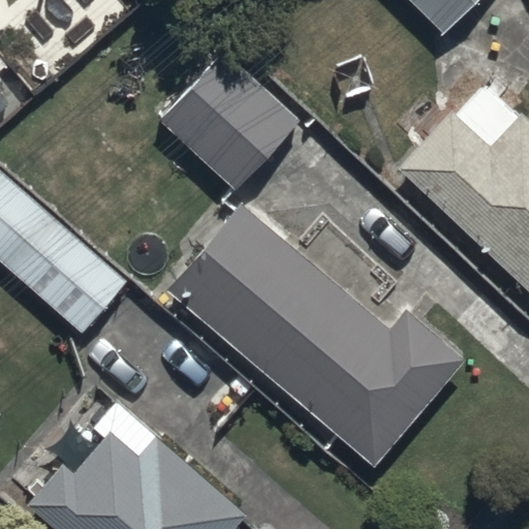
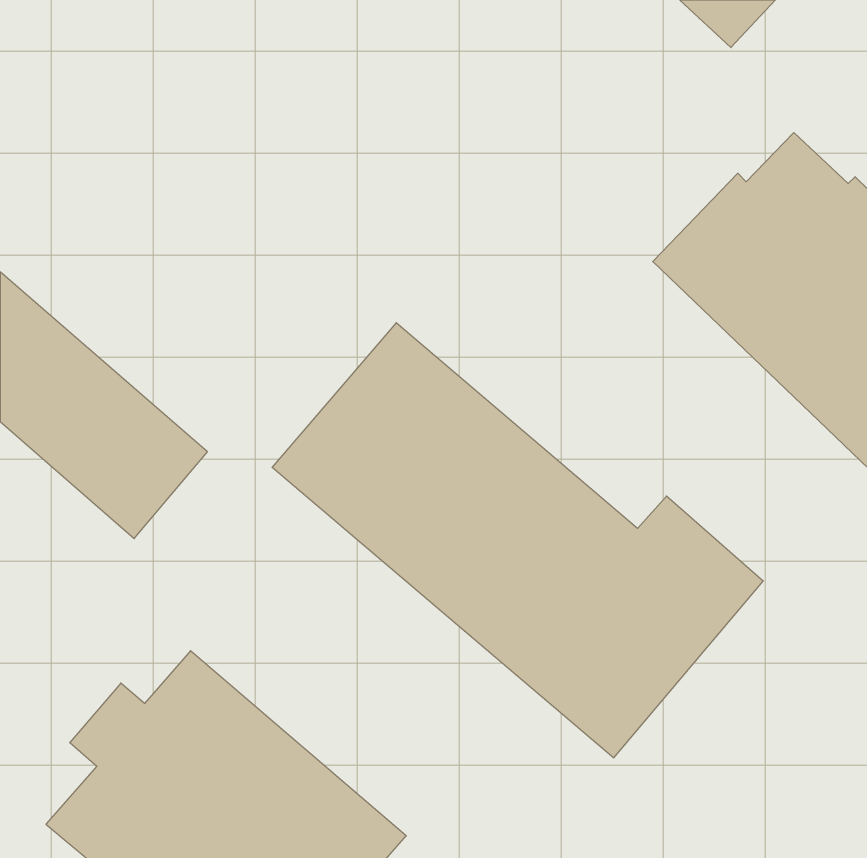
building: [154,51,300,194] -> none

